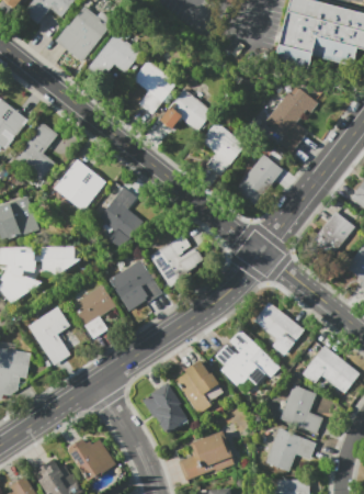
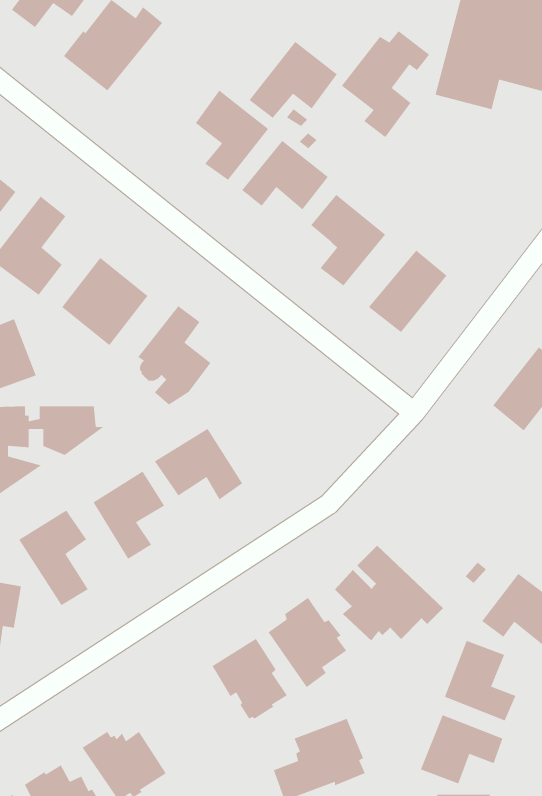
building: [88,33,140,79] -> [249,41,338,119]
building: [265,89,318,153] -> [341,30,430,138]
building: [149,235,205,287] -> none
building: [253,302,304,356] -> none

